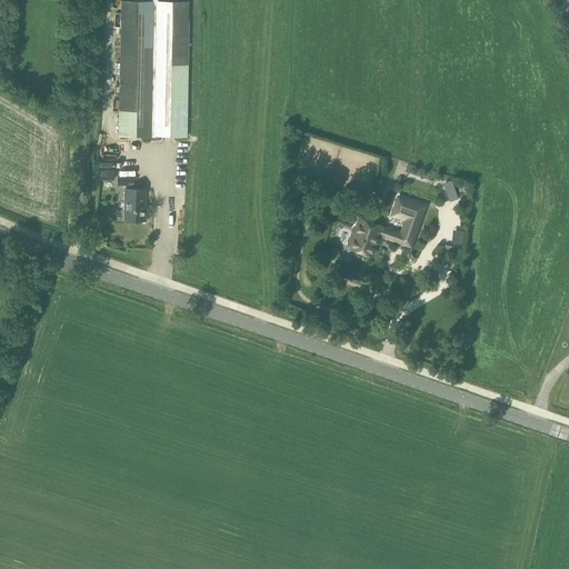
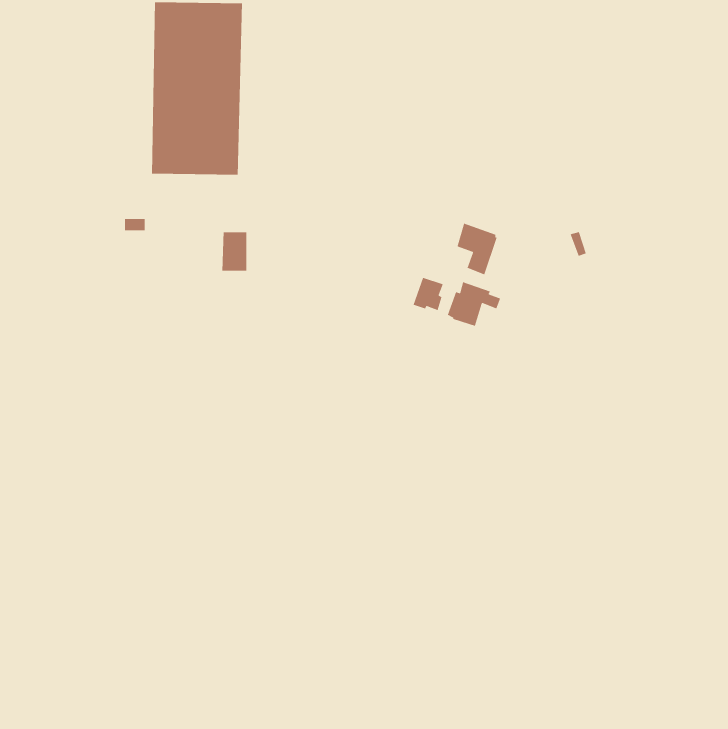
building: [123,189,143,220] -> [221,232,247,271]
building: [392,197,425,238] -> [456,223,498,275]

